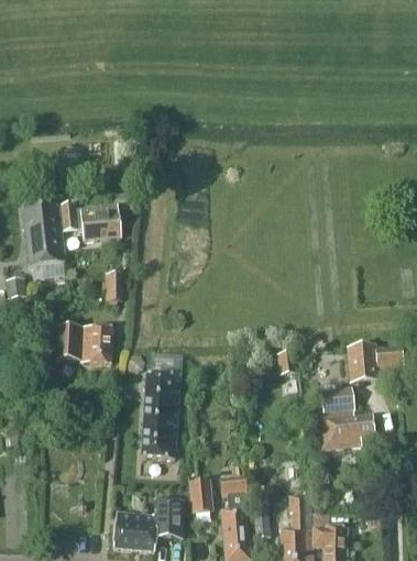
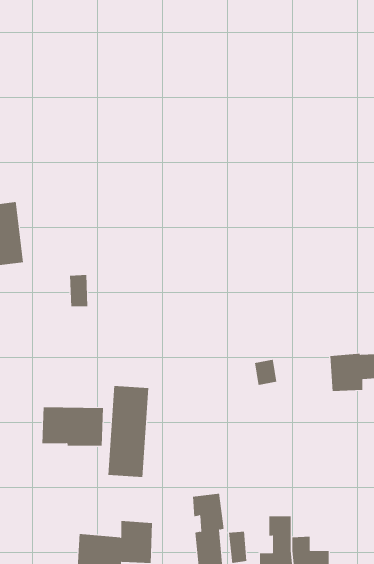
building: [61,202,121,240] -> none
building: [55,324,112,361] -> [42,407,104,446]
building: [317,387,375,449] -> none
building: [187,477,212,512] -> none

